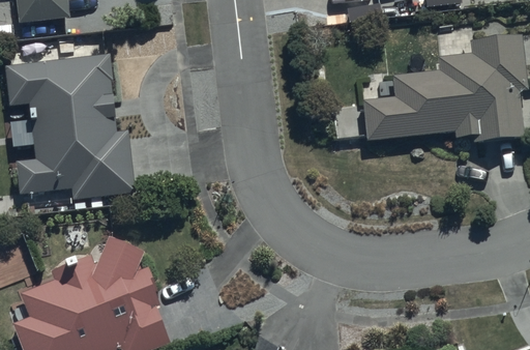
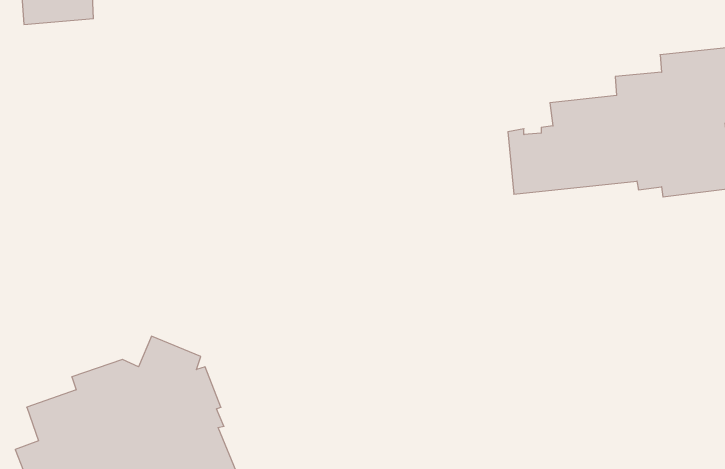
building: [5,54,136,200] -> none

